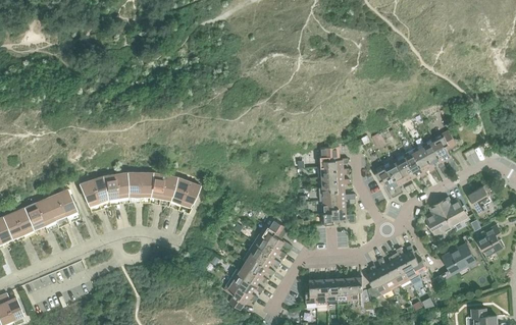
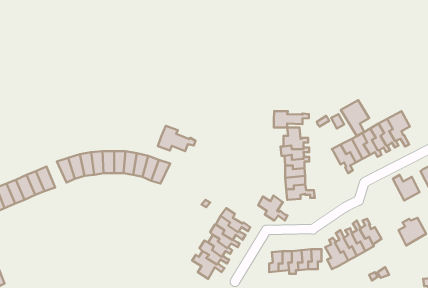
building: none -> [341,100,369,136]
building: none -> [274,111,309,127]
building: none -> [158,126,196,151]
building: [425,203,450,234] -> none
building: [259,224,291,251] -> [258,196,288,220]

